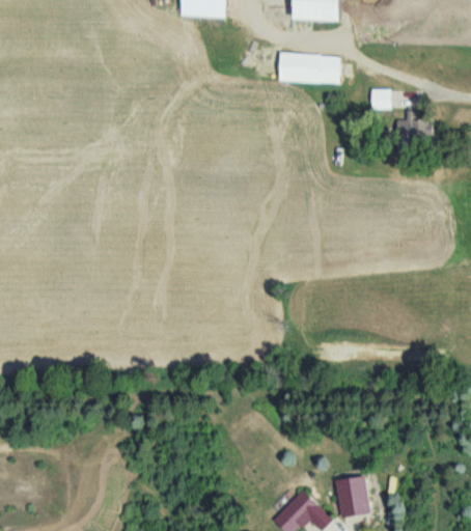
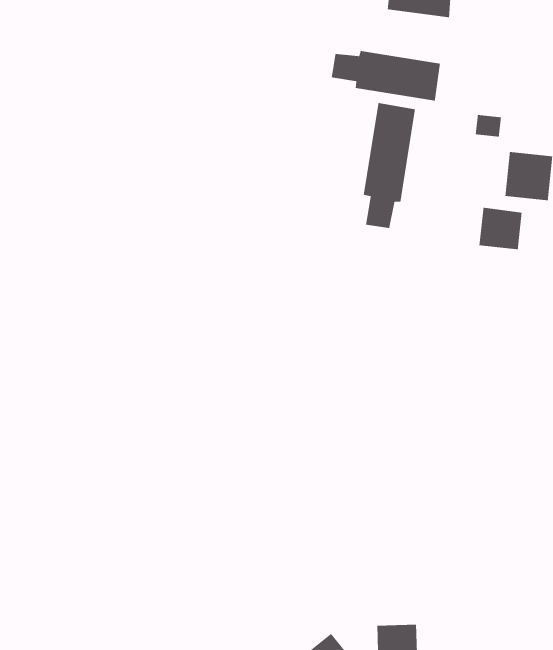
building: none -> [363,102,416,229]
building: none -> [479,207,523,250]

